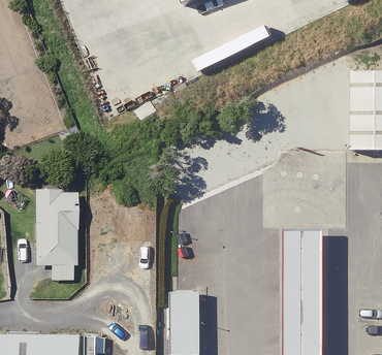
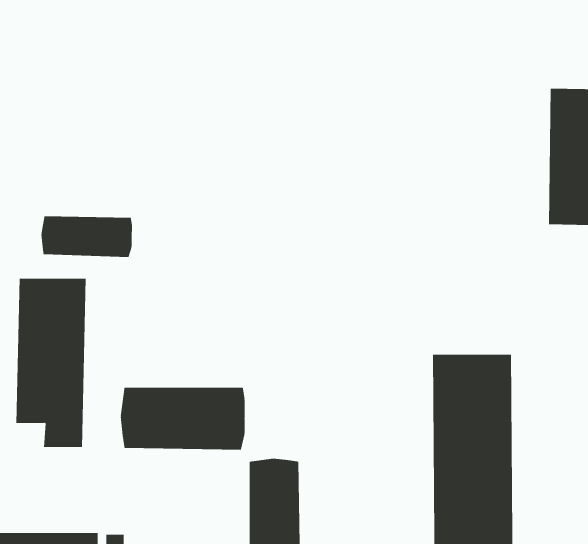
building: none -> [41,216,133,258]
building: none -> [120,387,245,450]

